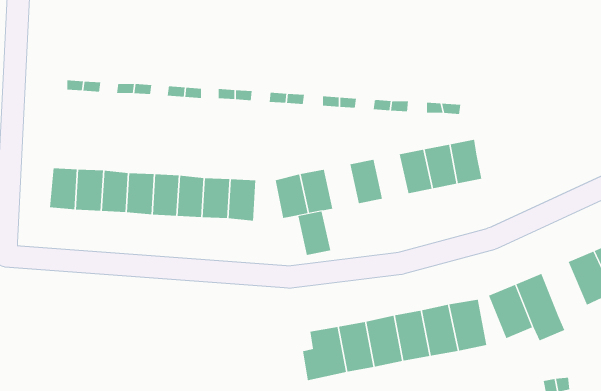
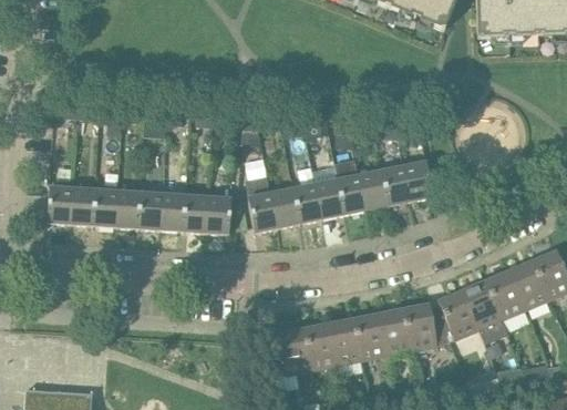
building: none -> [337,173,367,213]
building: [298,211,331,255] -> [292,182,322,222]
building: none -> [486,269,526,318]

